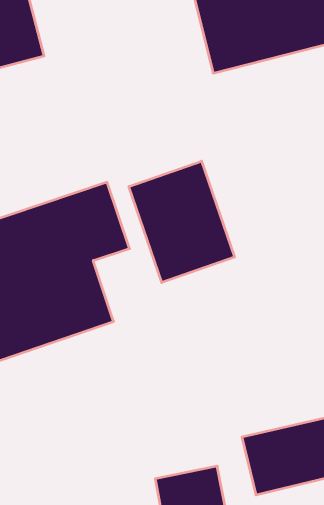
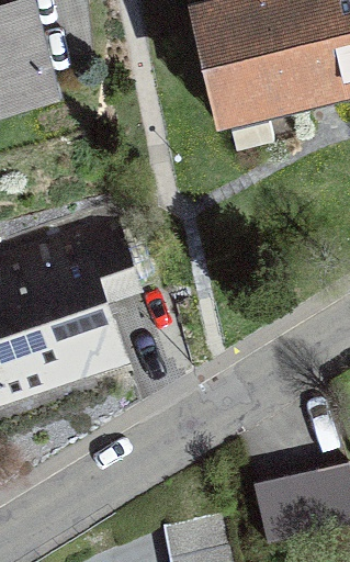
building: [129,161,234,283] -> none

